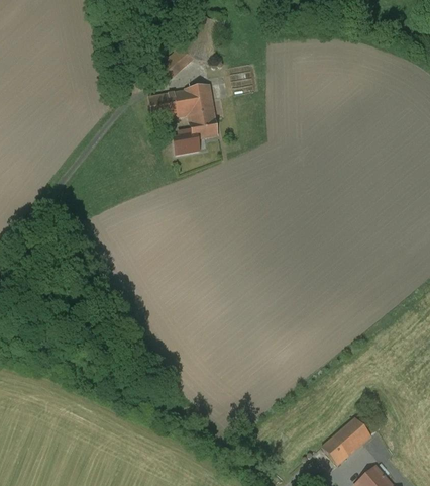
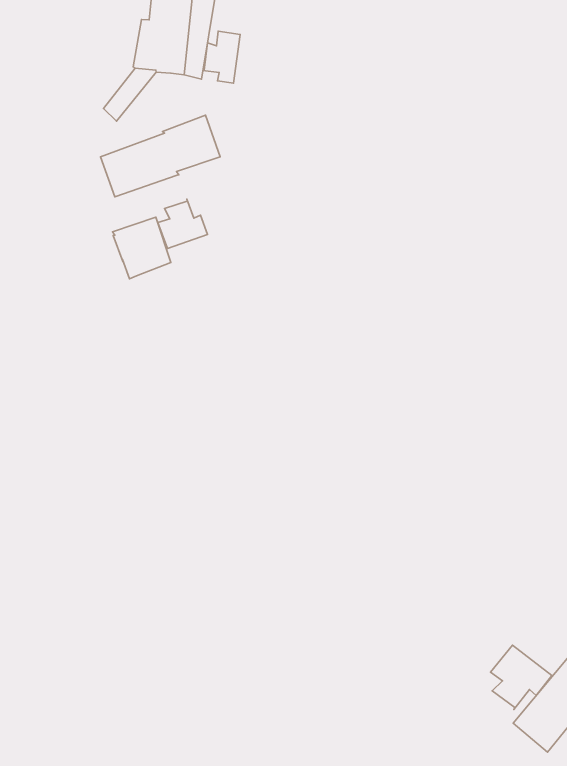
building: none -> [203,31,240,83]
building: [188,108,217,139] -> [112,217,171,279]
building: none -> [490,645,552,710]

